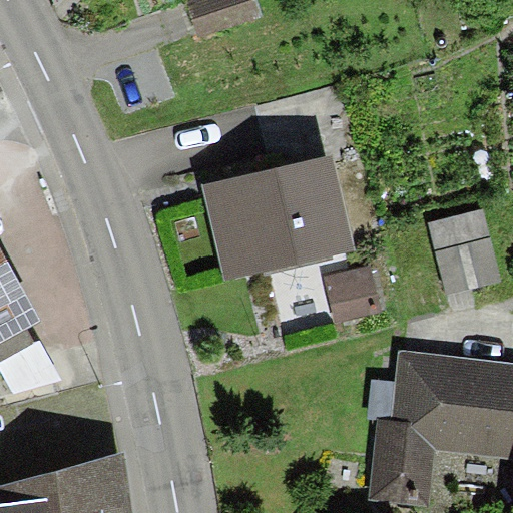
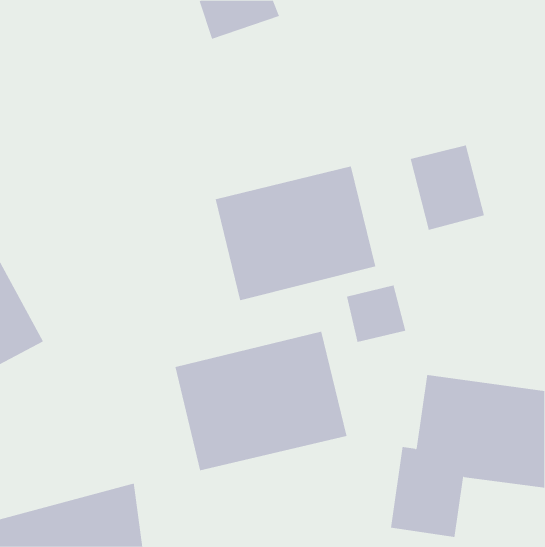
building: [430,211,500,292] -> [410,145,485,230]
building: none -> [175,331,347,471]

